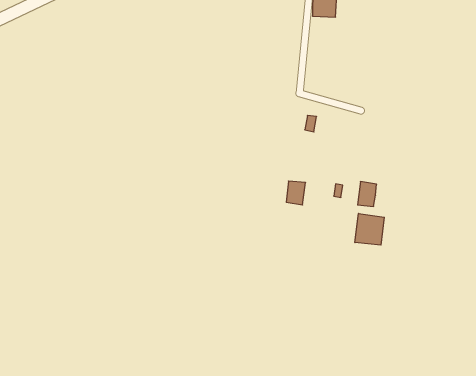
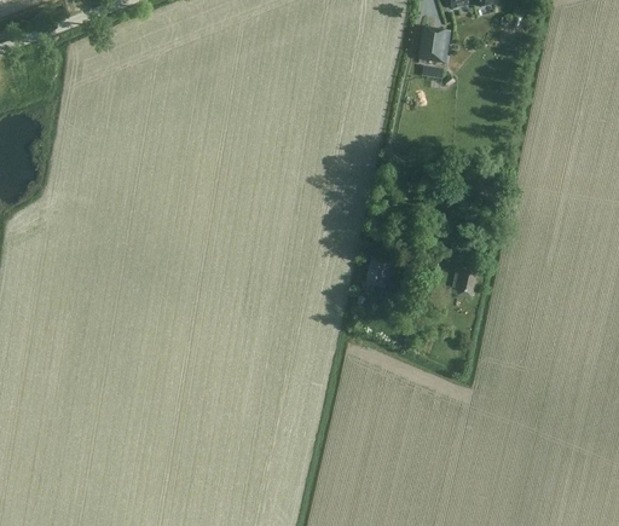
building: [355,213,384,245] -> none

